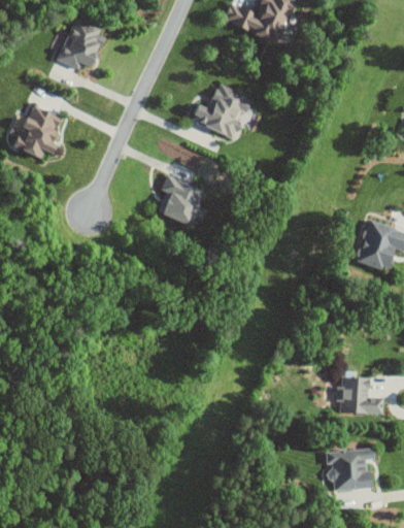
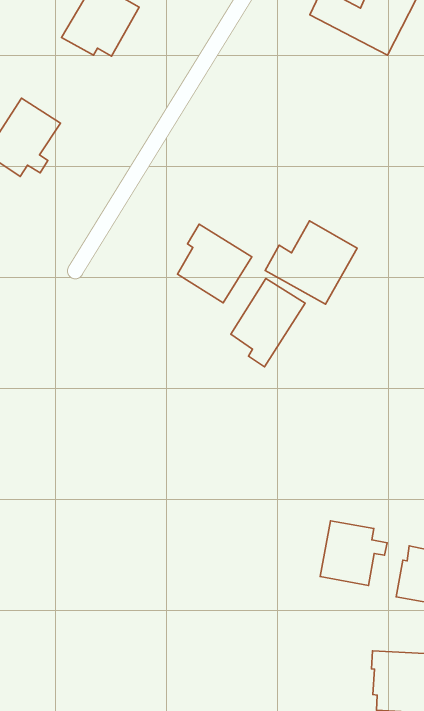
building: [192,84,252,139] -> [265,221,357,304]
building: none -> [231,278,305,367]
building: none -> [320,521,387,586]

